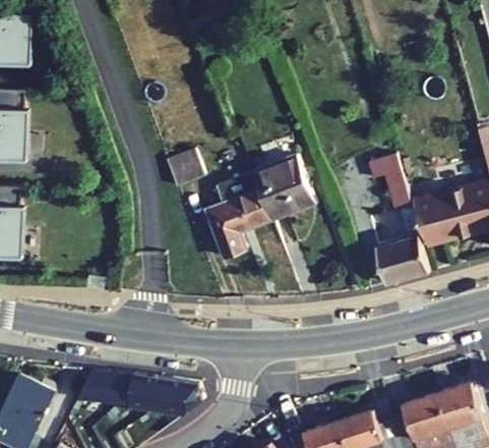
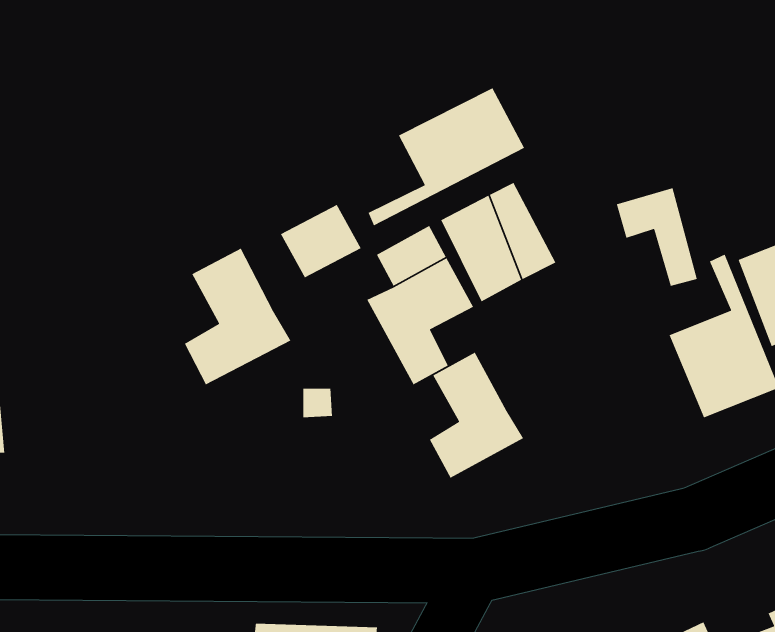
building: none -> [368,87,525,227]
building: none -> [184,247,291,386]
building: none -> [429,351,524,479]

